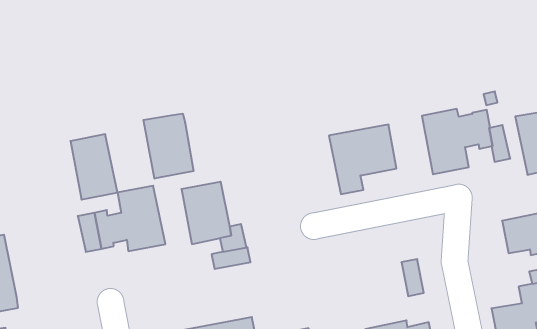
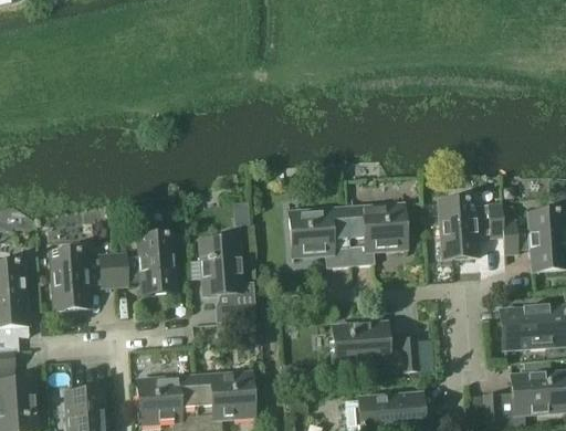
building: [143,114,194,179] -> none
building: [70,134,117,200] -> [51,249,90,308]
building: none -> [292,207,353,266]
building: none -> [334,323,388,362]

